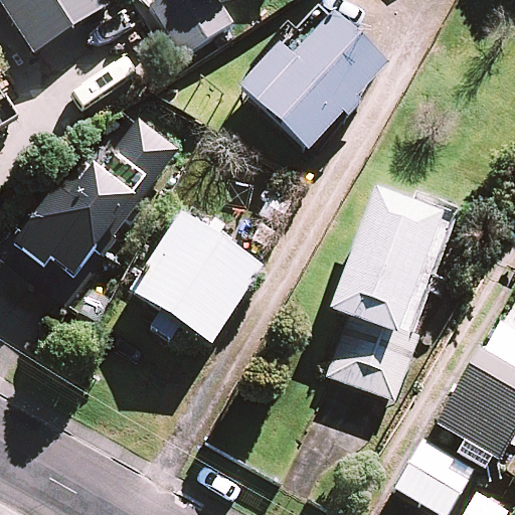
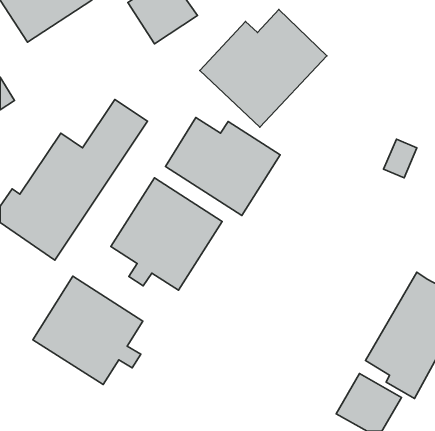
building: none -> [165,117,280,215]
building: [330,186,456,396] -> none
building: none -> [33,276,143,385]

